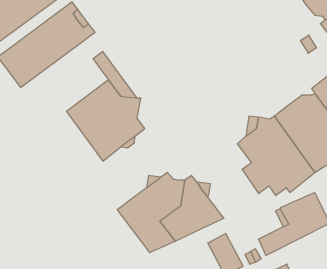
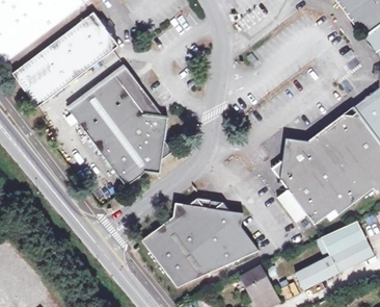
building: none -> [70,75,133,132]

